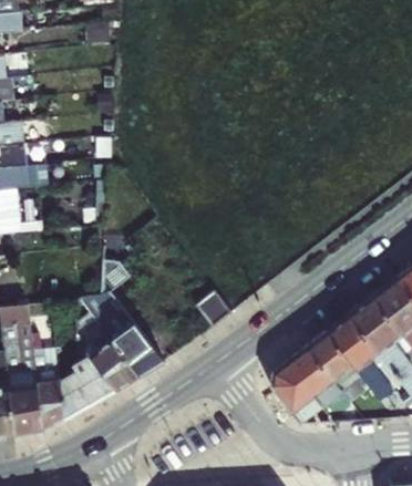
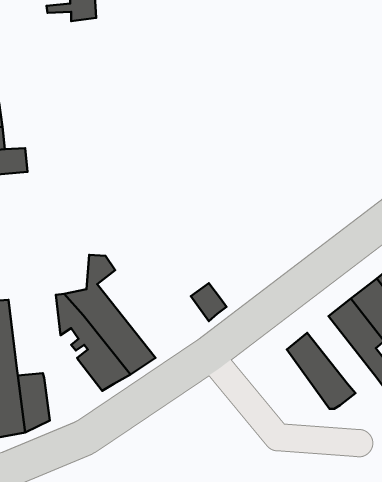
building: [307,321,372,393] -> none
building: [270,352,331,416] -> none
building: [61,362,115,418] -> none

